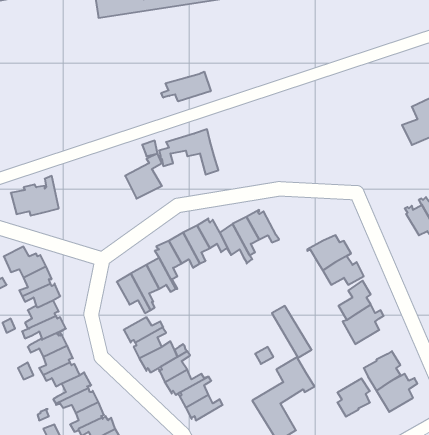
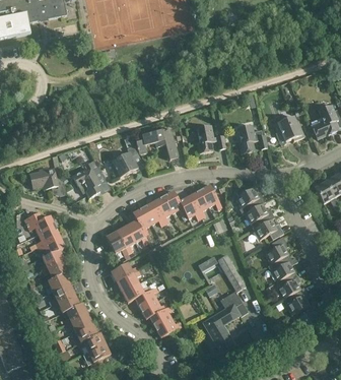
building: [161,72,211,101] -> none
building: none -> [274,116,303,140]
building: none -> [196,124,225,152]
building: none -> [237,124,267,152]
building: none -> [72,165,105,196]
building: none -> [234,186,265,212]
building: [337,378,370,417] -> [276,270,299,298]

